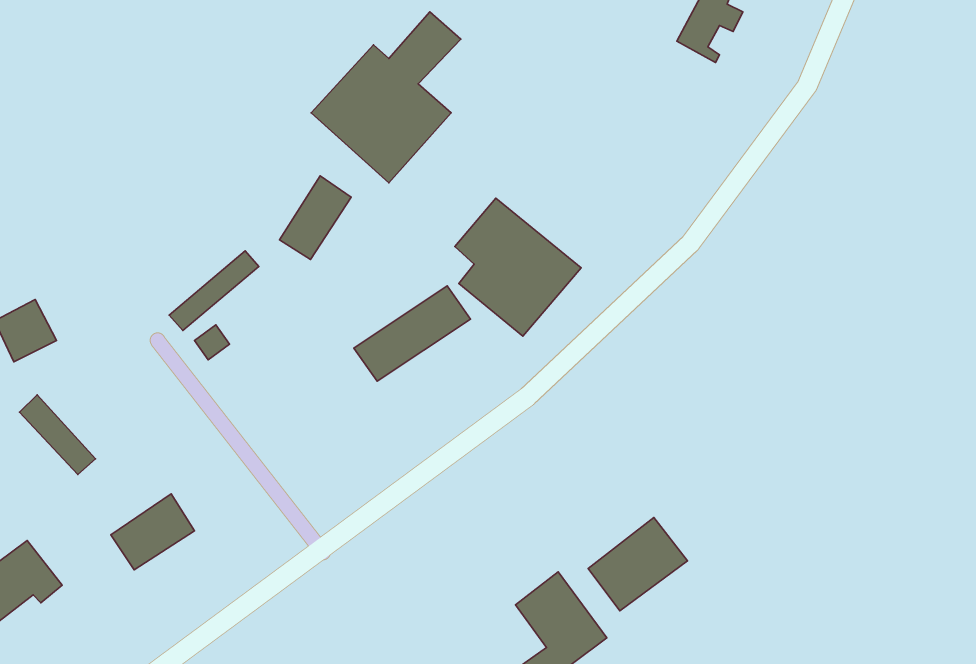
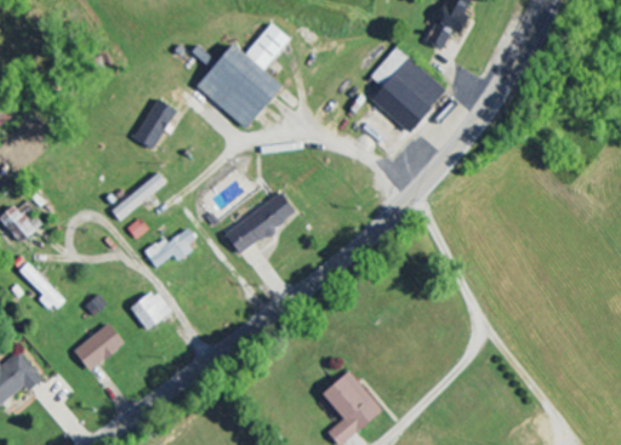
building: [279,176,351,259] -> [132,96,177,148]
building: [455,198,581,336] -> [369,46,448,132]
building: none -> [146,224,198,267]
building: none -> [131,290,171,330]
building: [588,518,688,611] -> none

